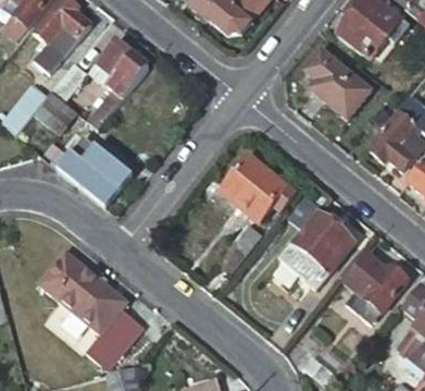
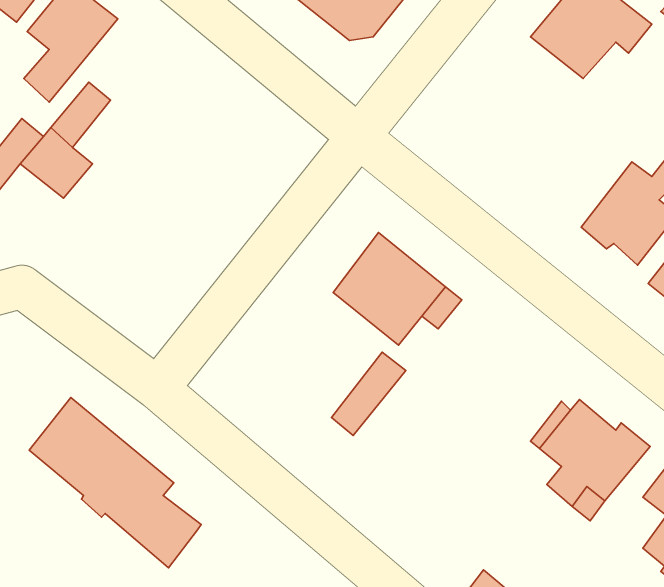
building: [85,38,147,129] -> none
building: [308,49,374,120] -> none
building: [65,134,120,207] -> none
building: [277,196,353,289] -> none

